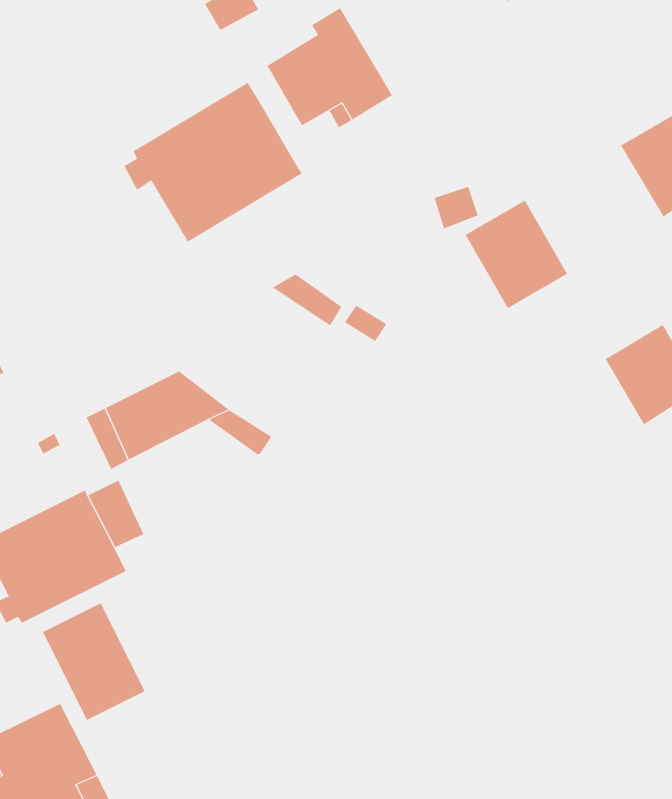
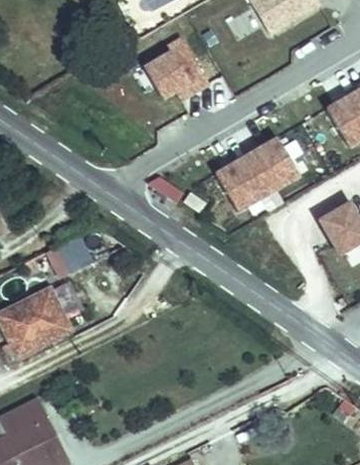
building: [123,82,303,242] -> none
building: none -> [215,156,268,212]
building: [42,603,145,721] -> none

